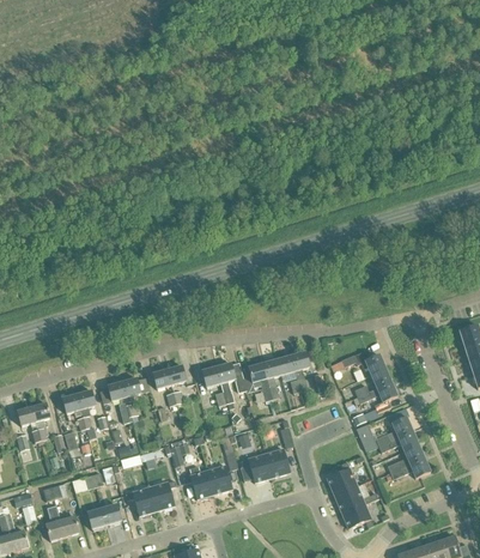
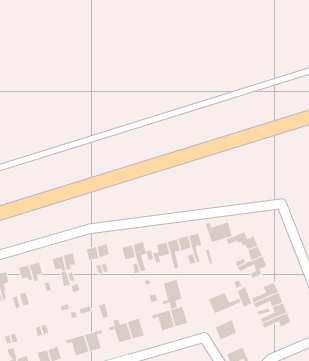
building: none -> [205,222,233,243]
building: none -> [162,279,182,310]
building: [333,485,377,514] -> [208,292,241,314]

